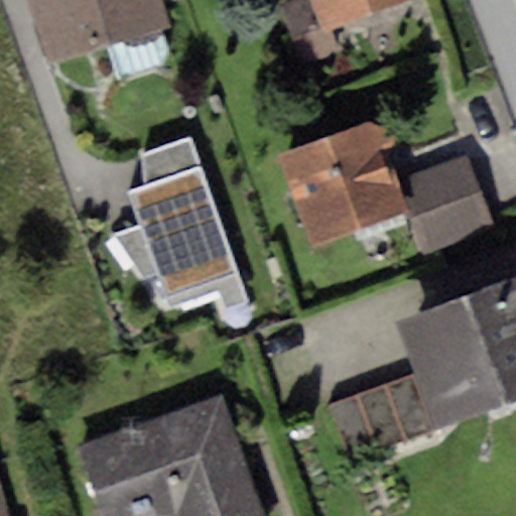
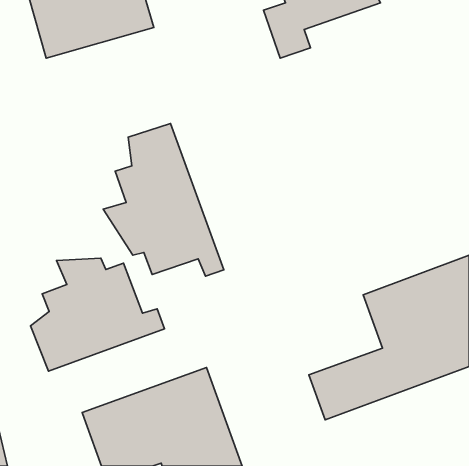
building: [281,120,484,245] -> none
building: none -> [31,258,165,371]

